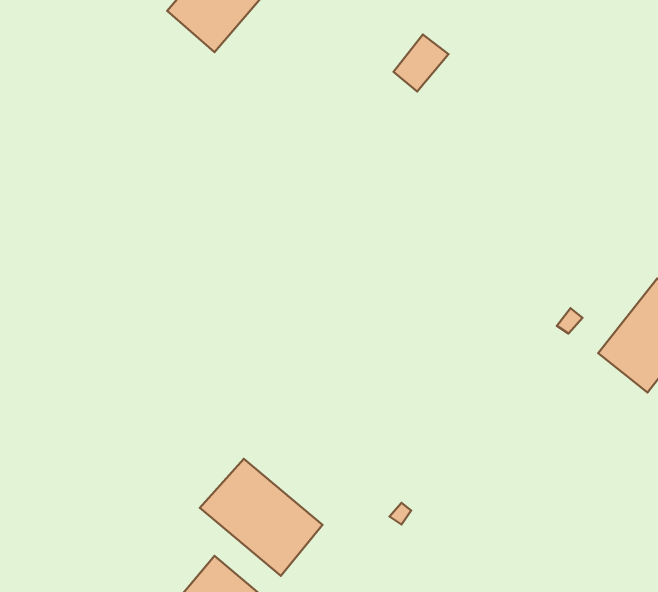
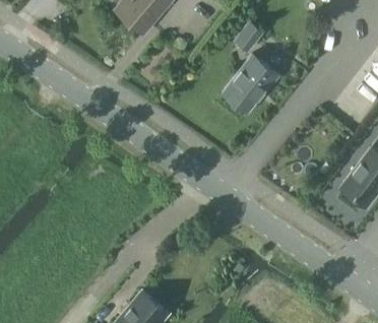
building: none -> [223,55,278,113]
building: [200,459,322,576] -> none

